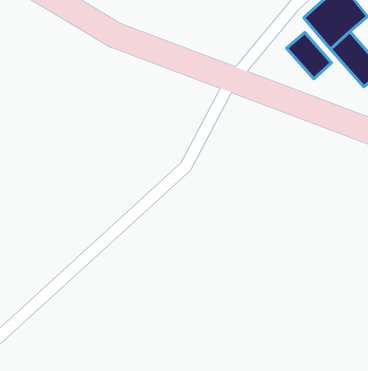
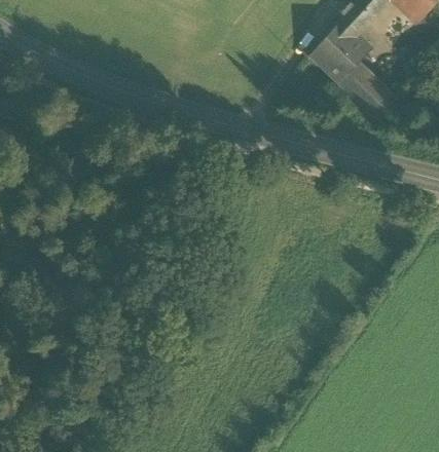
building: [287,33,331,79] -> none

